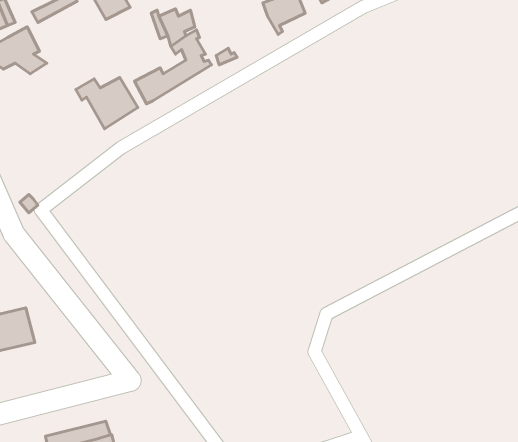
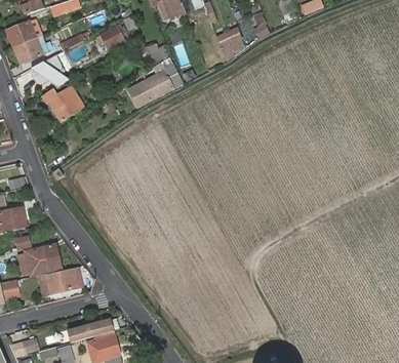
building: [76,77,138,129] -> [41,86,83,121]
building: none -> [41,268,83,294]

